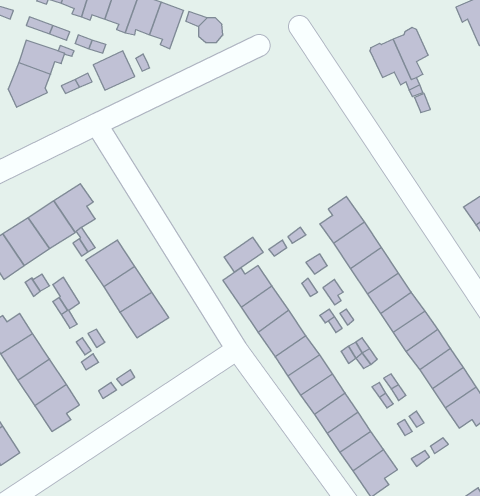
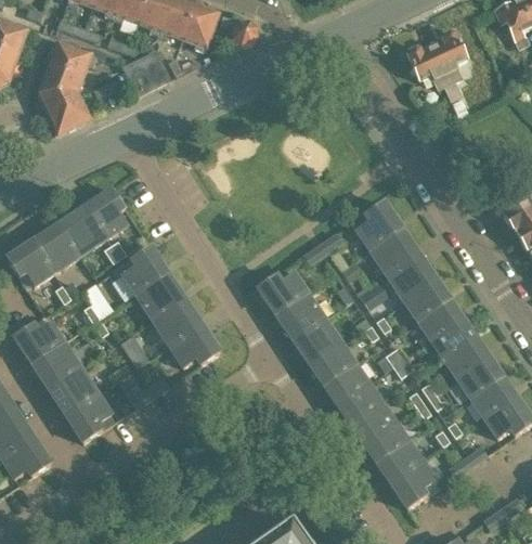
building: none -> [47,94,89,131]
building: [224,237,263,272] -> none
building: none -> [169,324,219,365]

